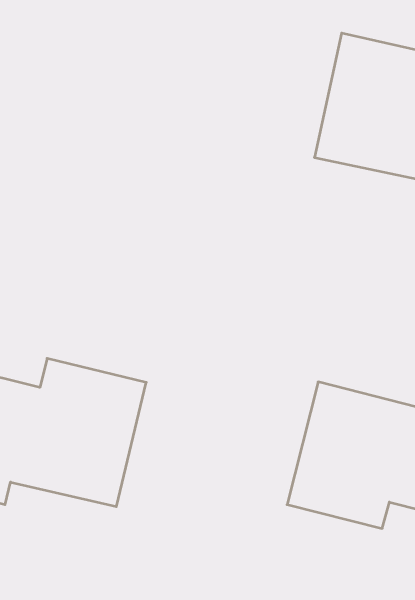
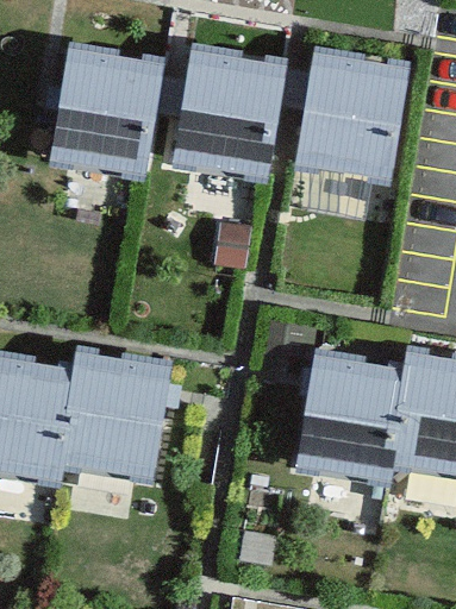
building: none -> [51,51,160,176]
building: none -> [173,44,281,169]

